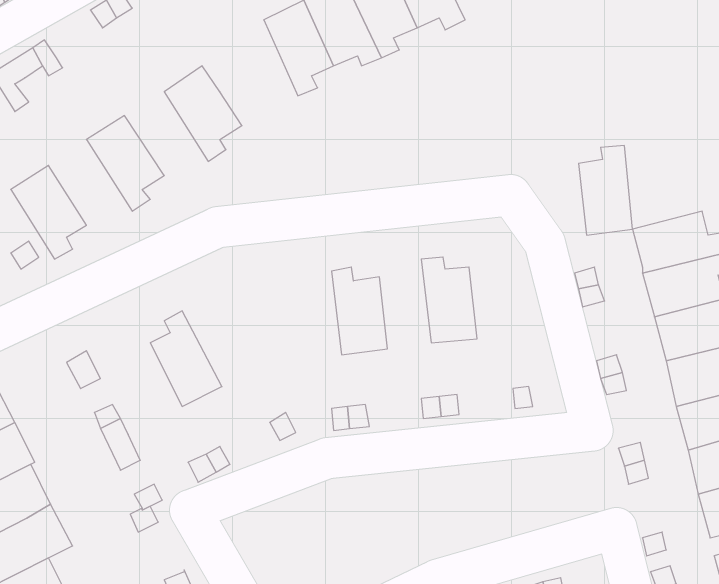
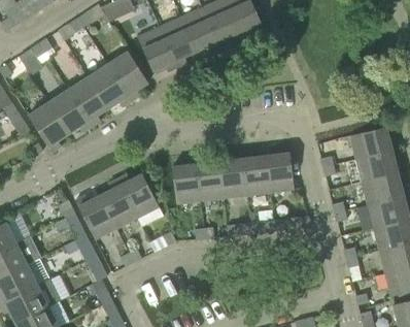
building: none -> [137,28,177,71]
building: none -> [88,65,131,108]
building: none -> [48,90,92,134]
building: [579,146,632,235] -> [266,146,294,193]
building: none -> [219,152,246,198]
building: none -> [172,158,200,203]
building: none -> [117,173,159,218]
building: none -> [75,195,117,239]

